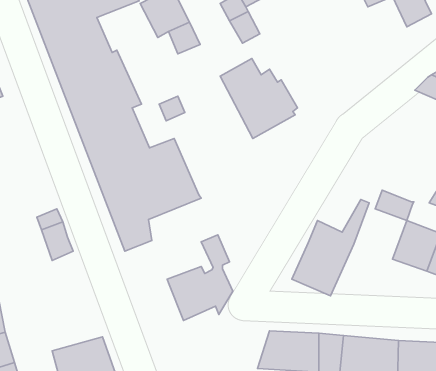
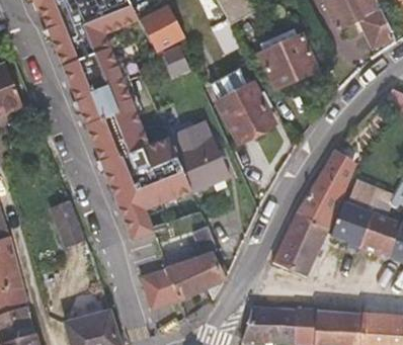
building: none -> [261,35,317,87]
building: none -> [168,119,229,189]
building: none -> [295,158,350,222]
building: none -> [331,201,372,245]
building: none -> [145,265,179,307]

